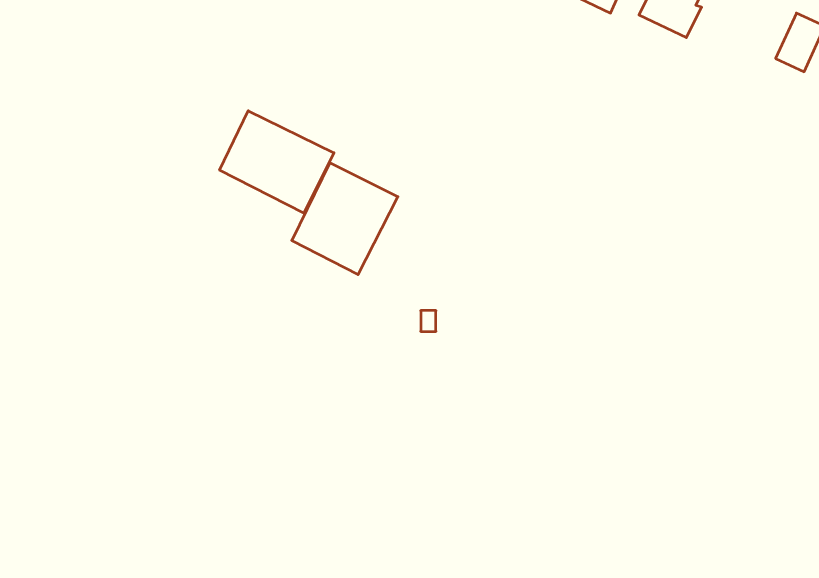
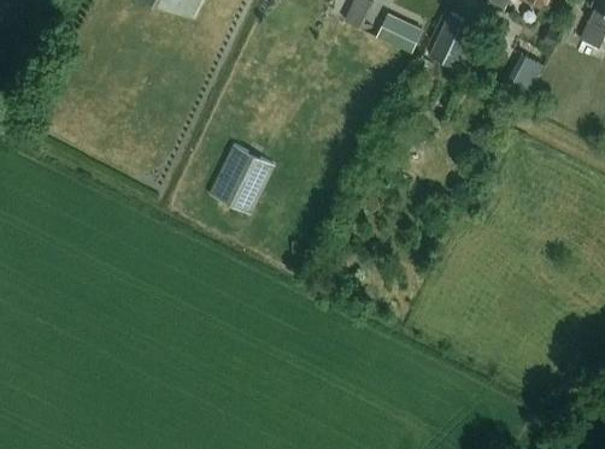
building: [220,111,334,213] -> none

